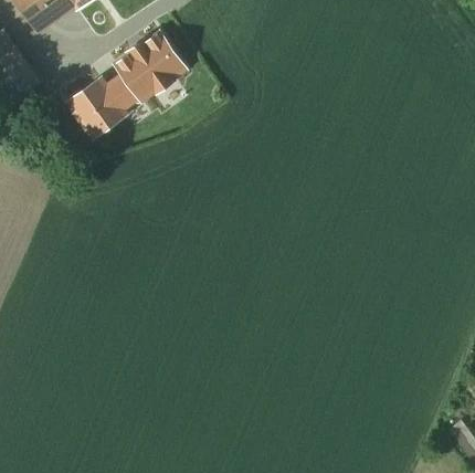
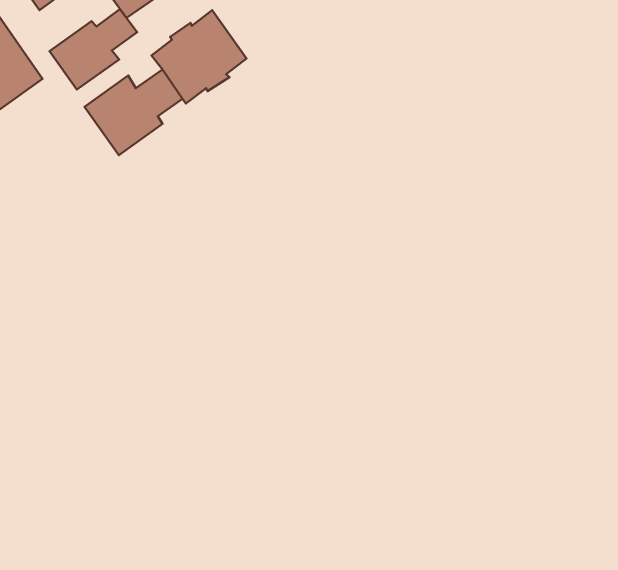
building: none -> [49,9,137,90]

